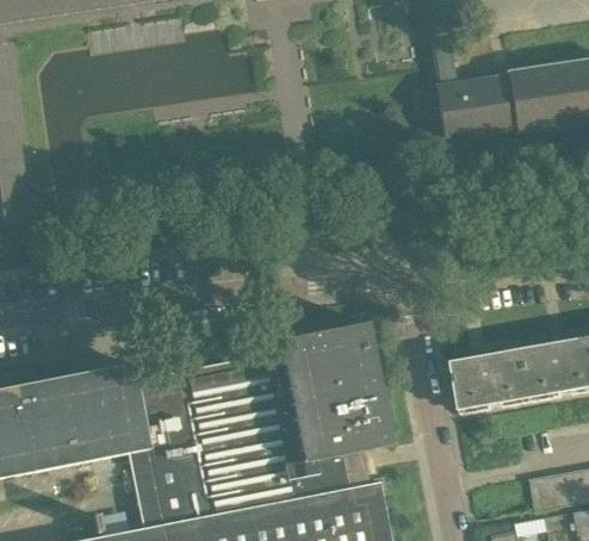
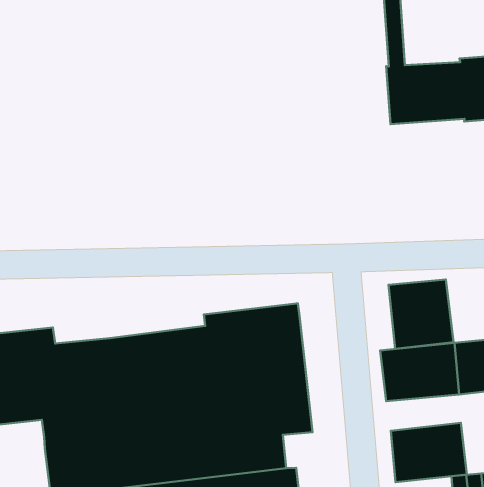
building: none -> [389,279,453,349]
building: none -> [391,423,467,482]

